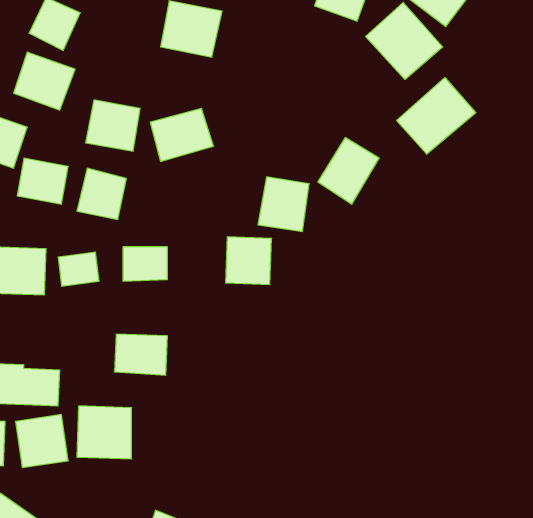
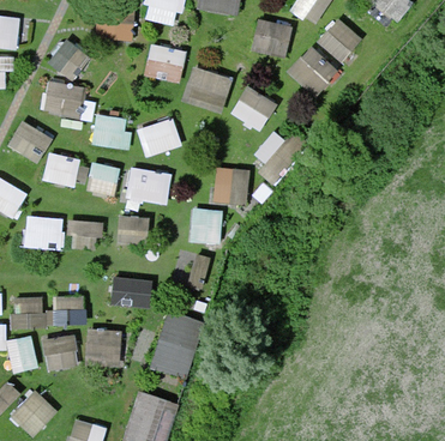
building: none -> [182,66,234,114]
building: none -> [229,84,279,134]
building: [397,78,476,154] -> none
building: none -> [126,168,169,203]
building: none -> [152,309,208,377]

